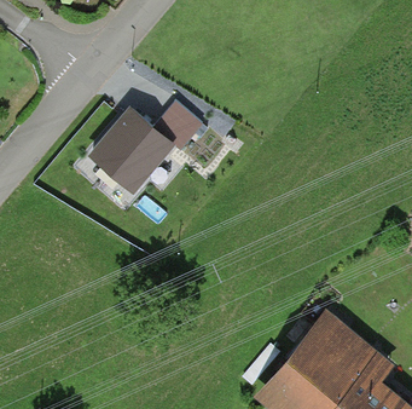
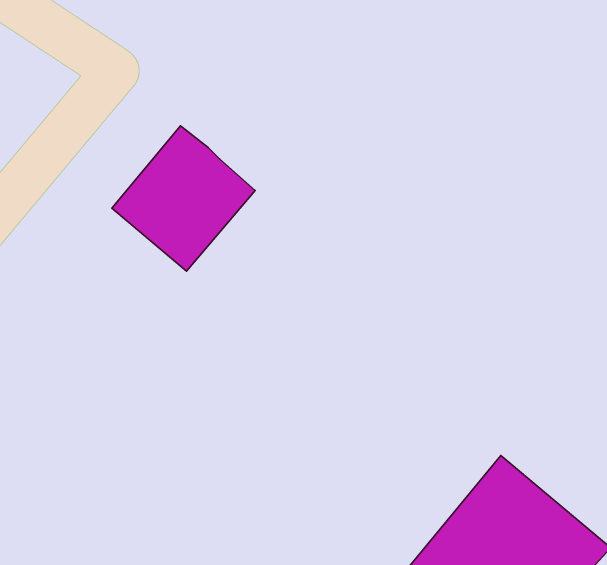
building: [155,99,203,150] -> none

